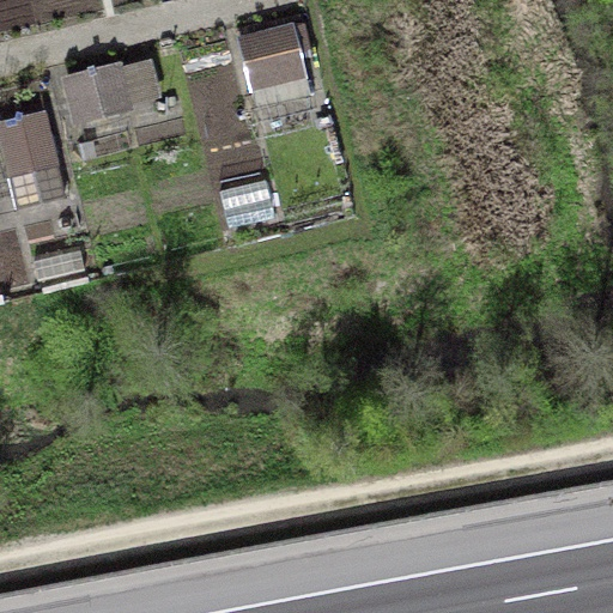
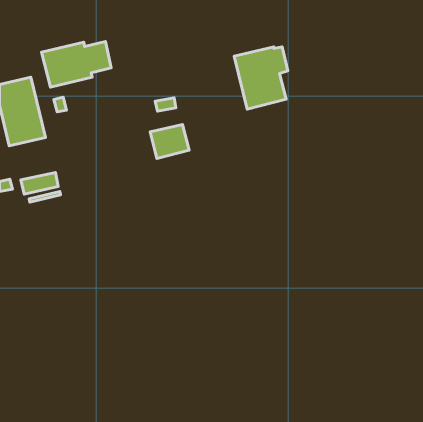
building: [235,23,312,113] -> [234,47,288,109]

